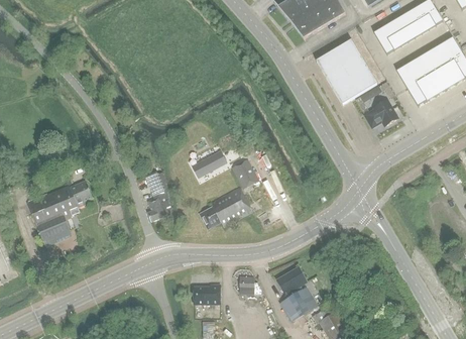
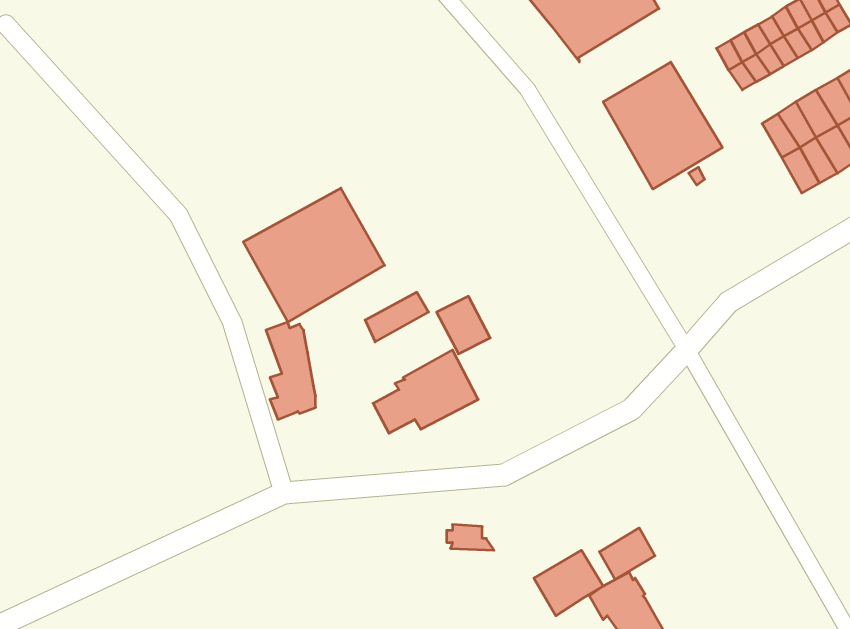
building: [365,99,397,125] -> none
building: none -> [243,188,385,322]
building: [27,179,93,245] -> none
building: [277,266,306,293] -> [599,528,655,580]
building: [194,282,220,303] -> none

